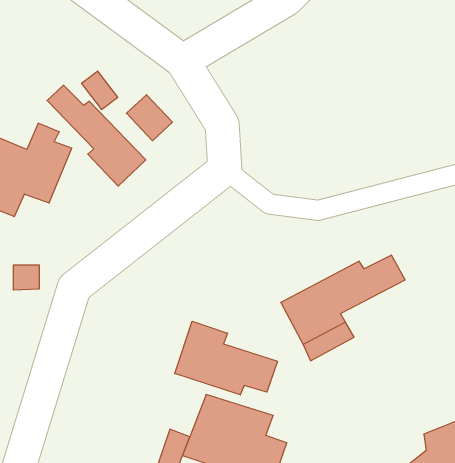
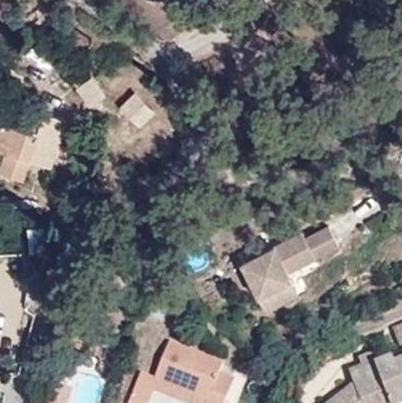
building: [47,85,146,186] -> none
building: [175,321,278,395] -> none

